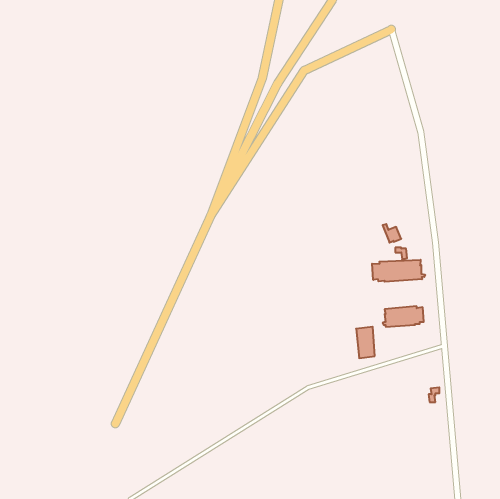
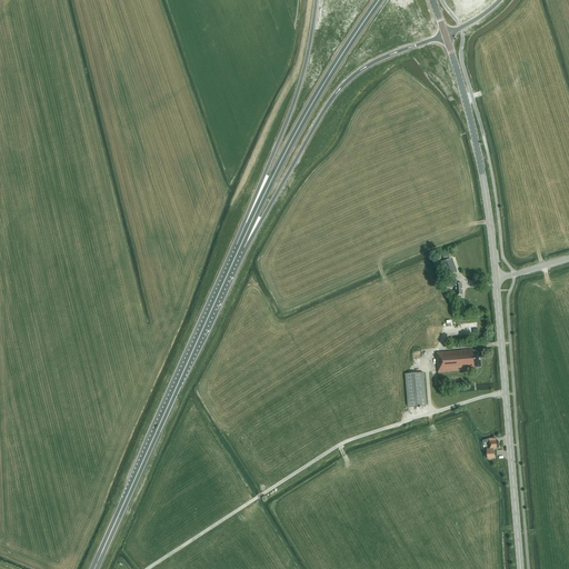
building: [372,260,425,282] -> none

